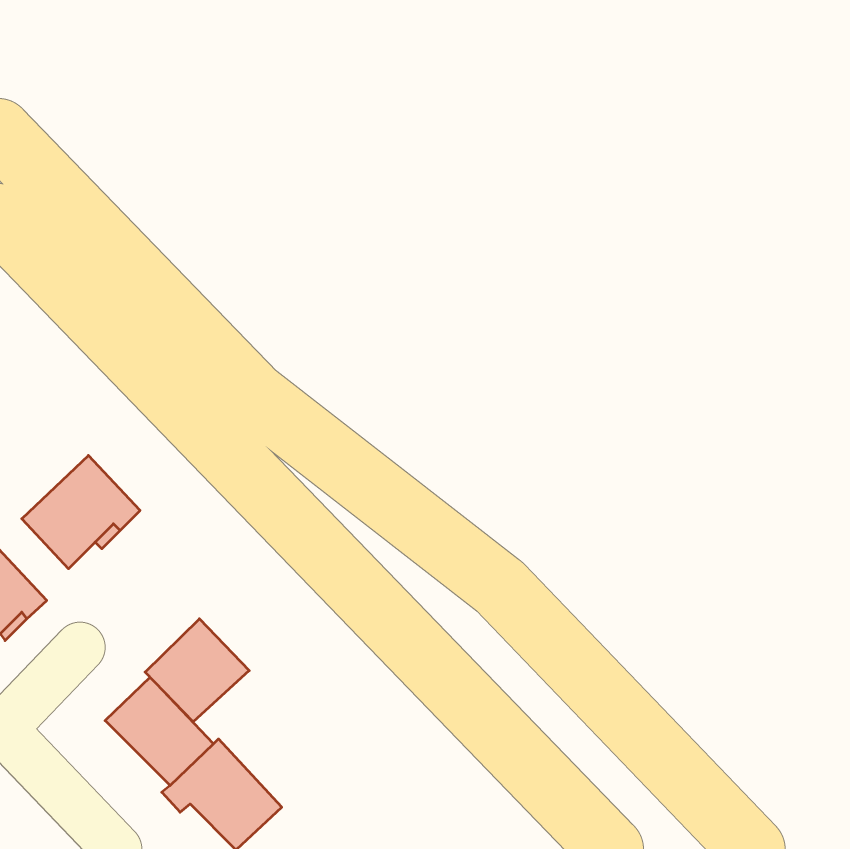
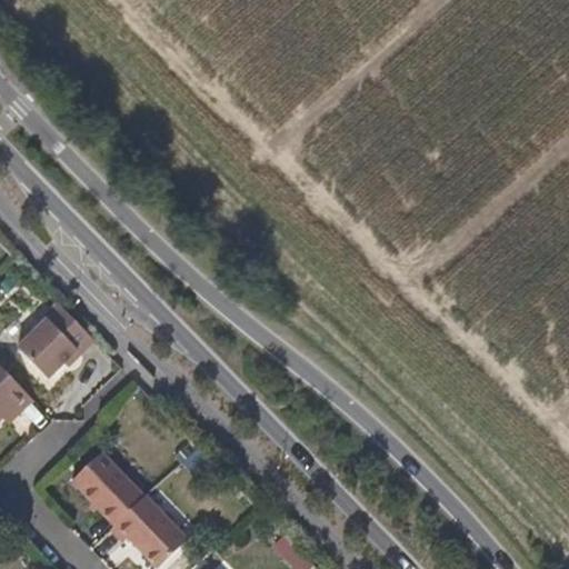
building: [145,619,249,722] -> none

